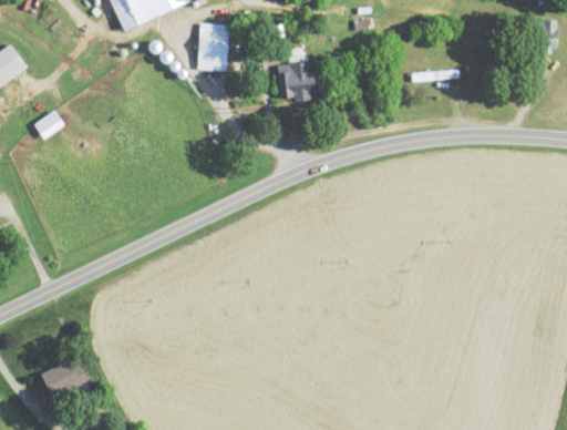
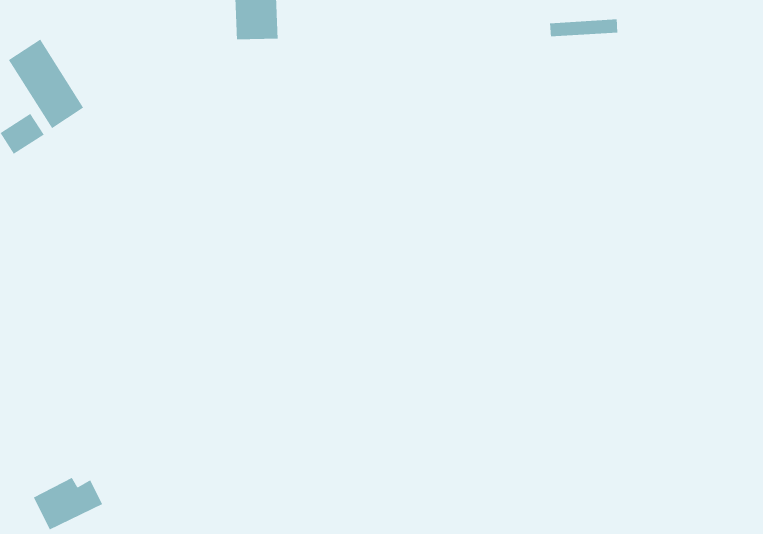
building: none -> [8,38,84,129]
building: [281,63,322,100] -> none

